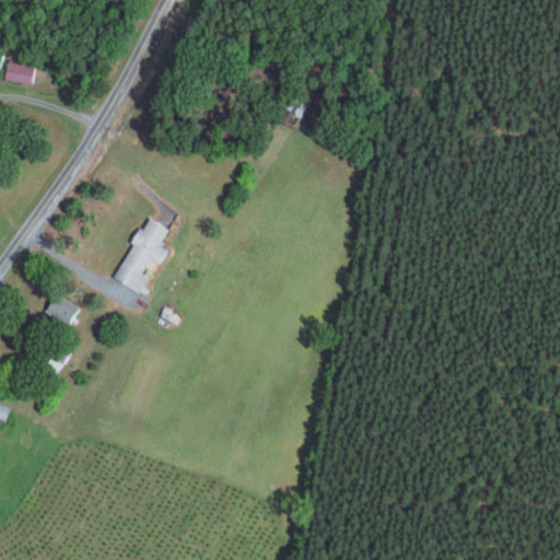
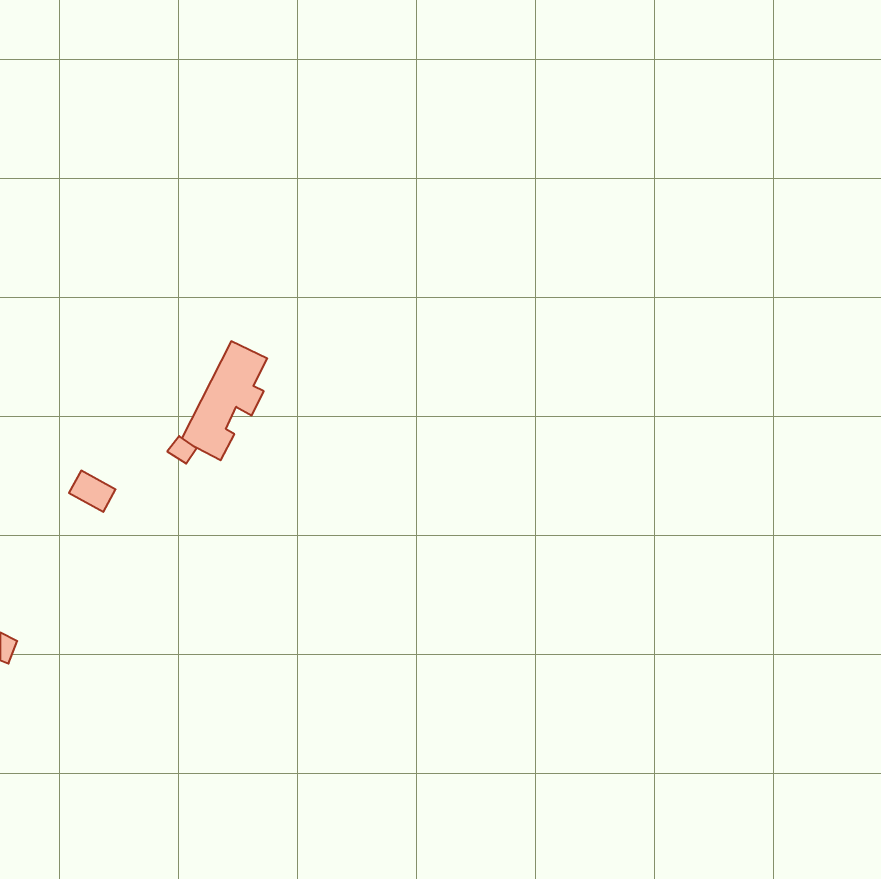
building: [4,61,35,84] -> none

